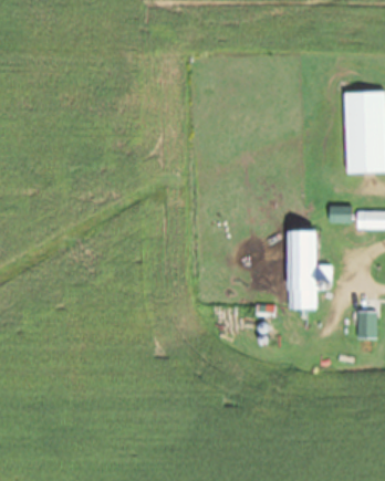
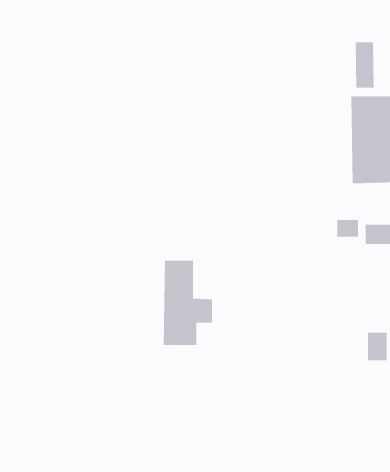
building: none -> [355,42,374,88]
building: [285,230,332,310] -> [163,260,213,346]

